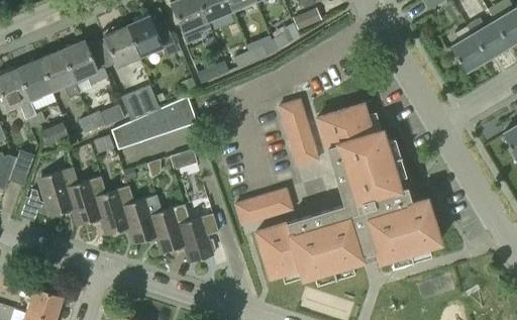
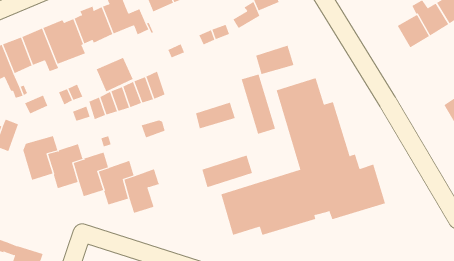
building: none -> [255,45,294,75]
building: none -> [195,102,236,129]
building: [178,213,219,262] -> none

